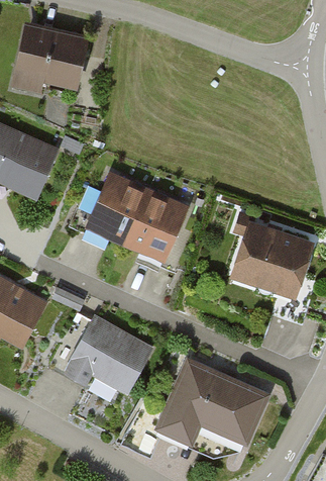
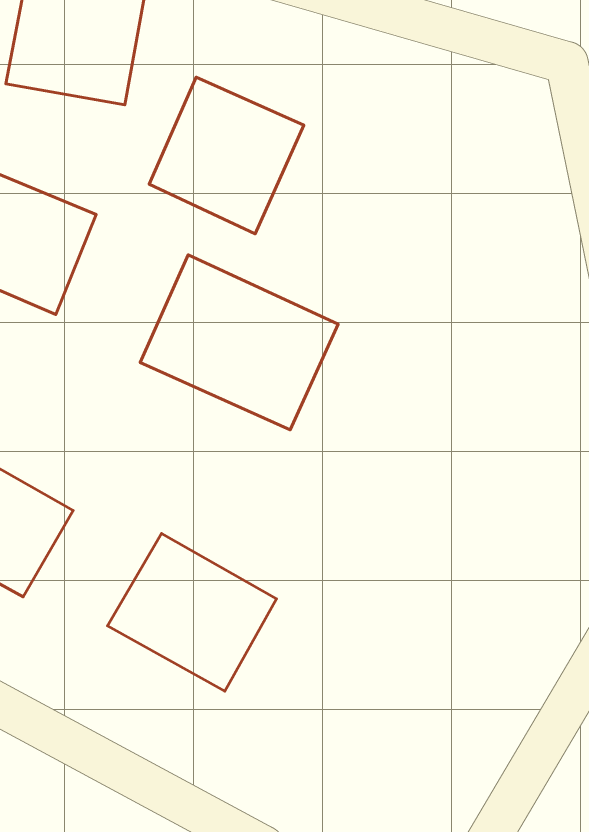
building: none -> [149,77,304,234]
building: [228,219,314,299] -> none
building: [155,359,270,447] -> none

